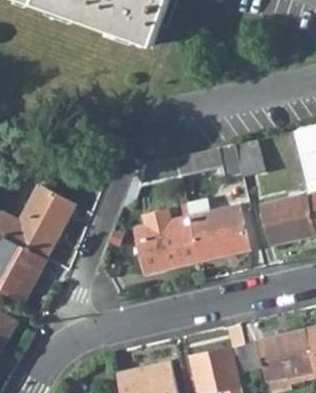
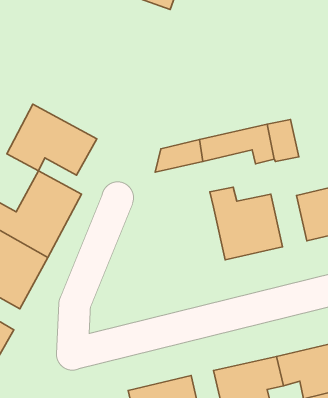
building: none -> [7,104,97,175]
building: [135,209,199,273] -> none

